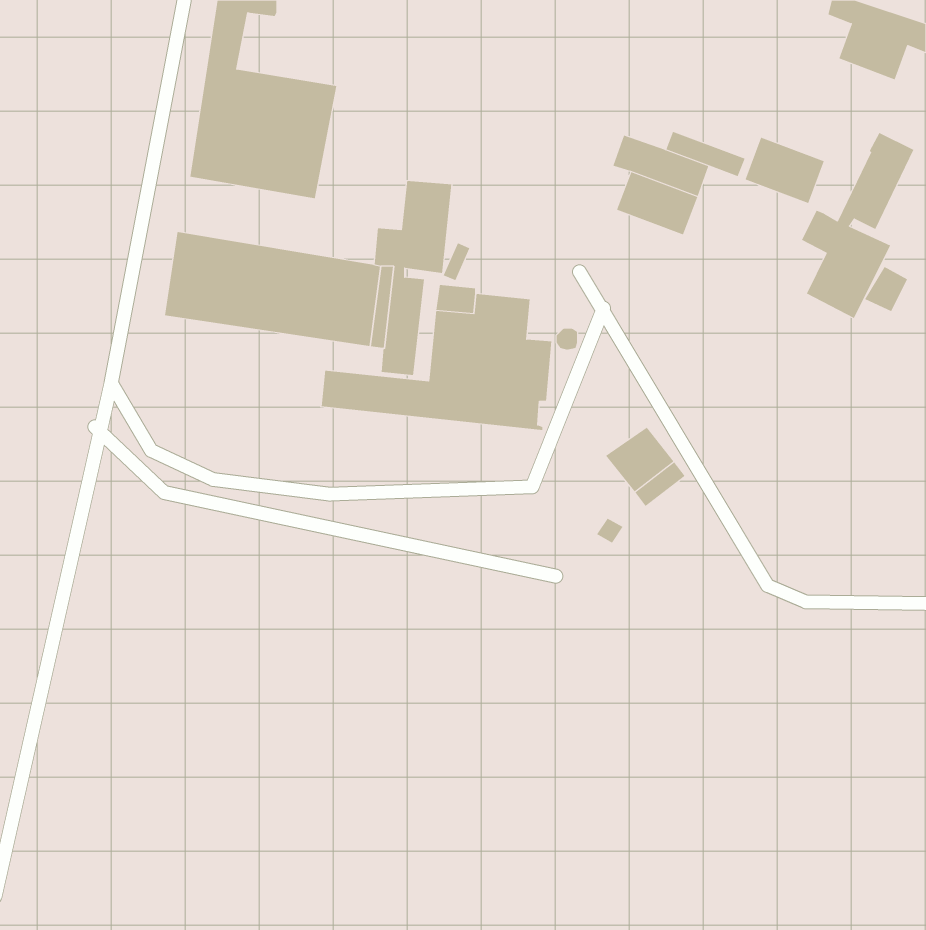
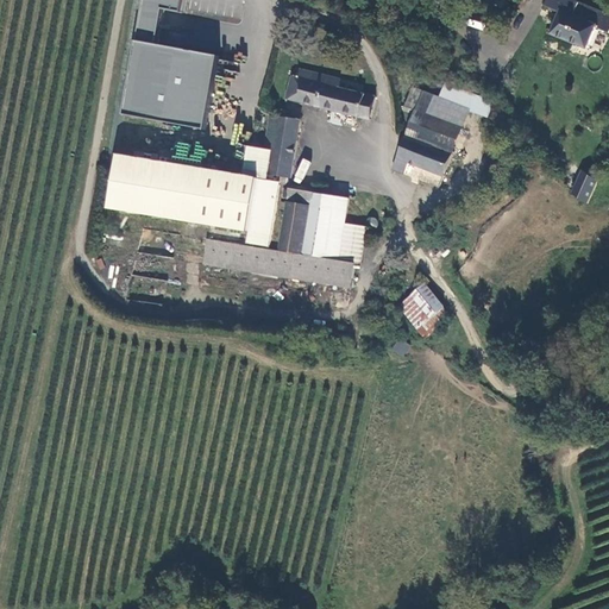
building: none -> [281,70,369,120]
building: [801,132,914,319] -> none
building: [745,137,825,204] -> none
building: none -> [388,138,446,178]

